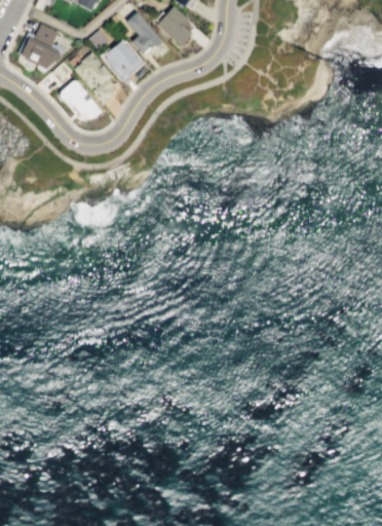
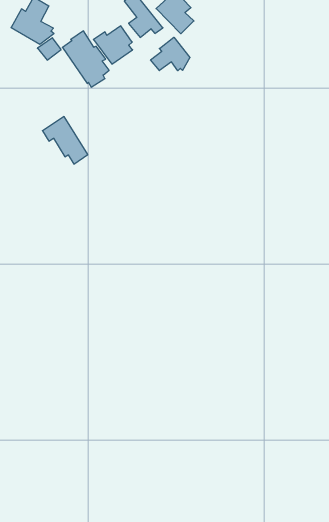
building: none -> [151,37,190,71]
building: [56,77,102,121] -> [42,117,88,164]

